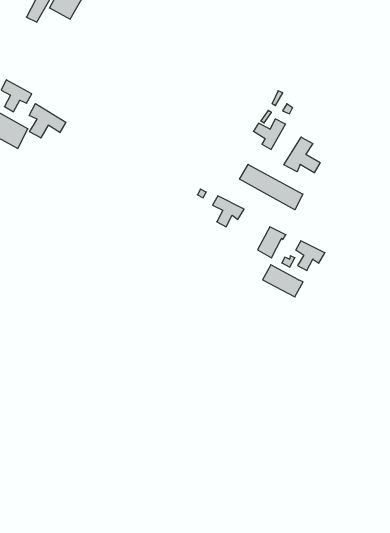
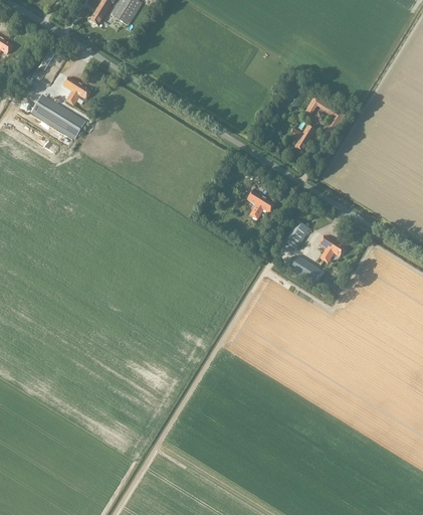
building: [29,104,66,138] -> none
building: [284,137,320,173] -> none
building: [240,164,303,210] -> none

